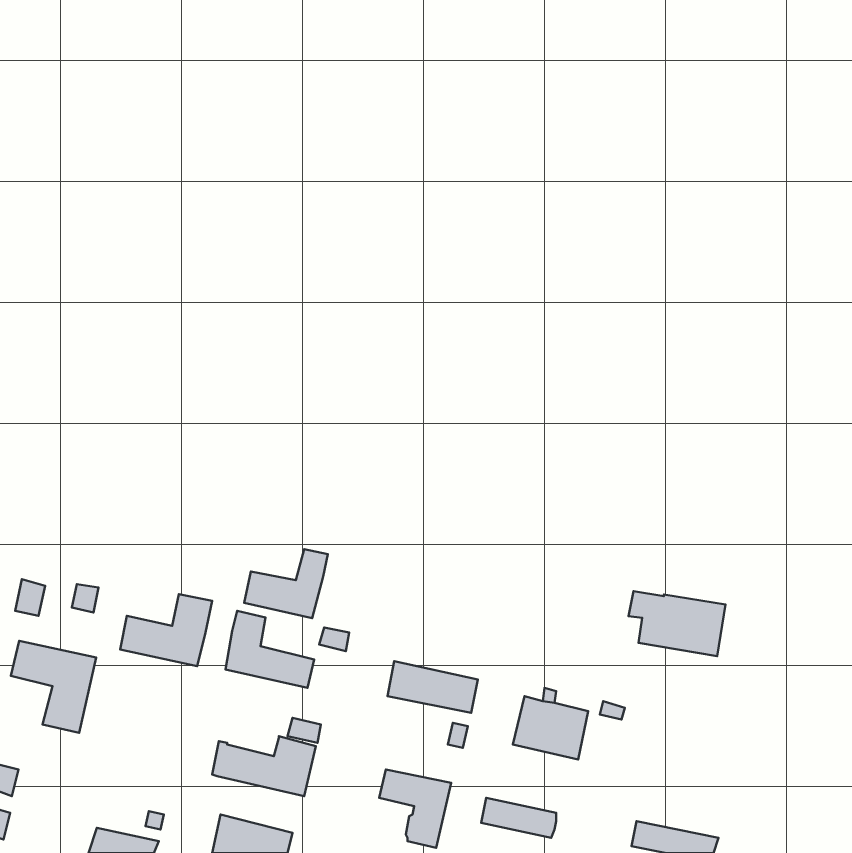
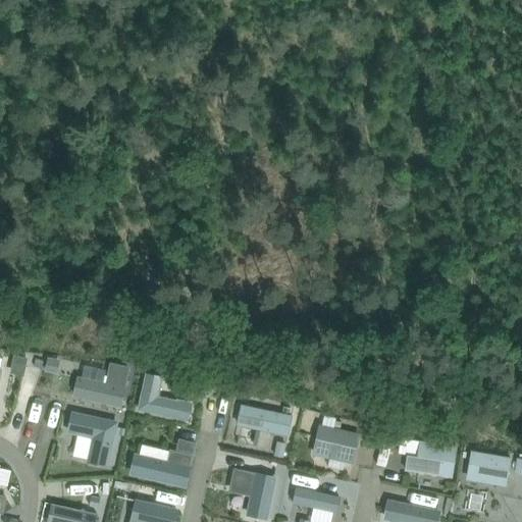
building: [244,549,328,618] -> none
building: [629,591,726,656] -> [398,438,457,478]
building: [11,641,96,733] -> [66,411,118,467]
building: none -> [466,450,511,486]

